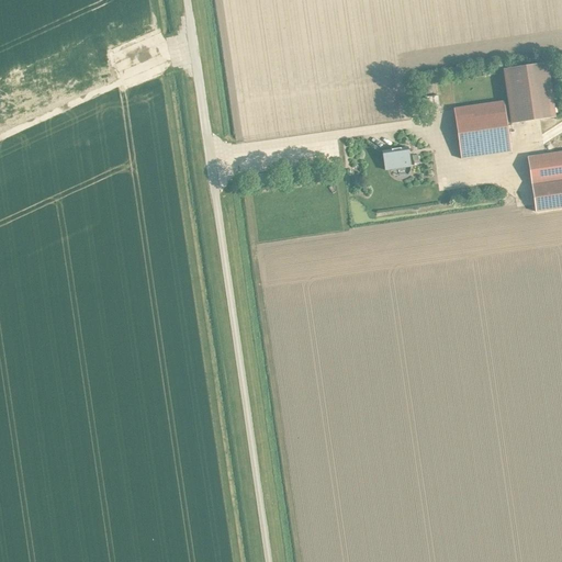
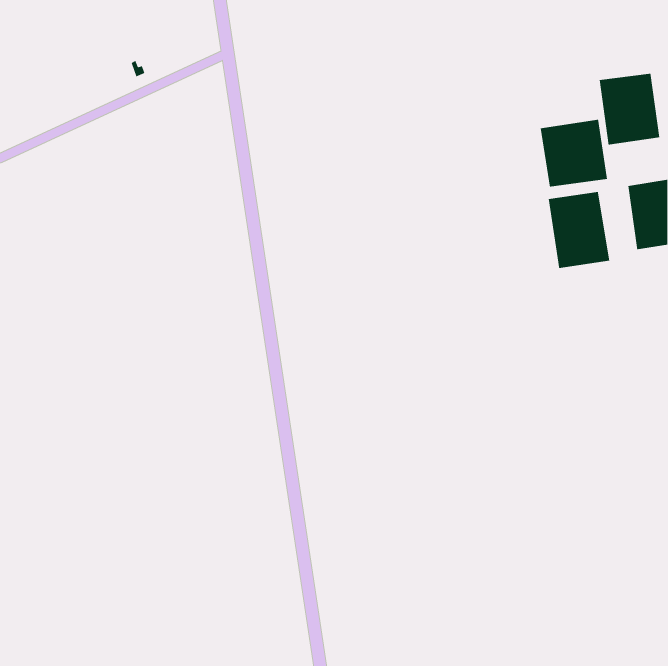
building: [382,146,411,169] -> none
building: none -> [548,191,610,269]

